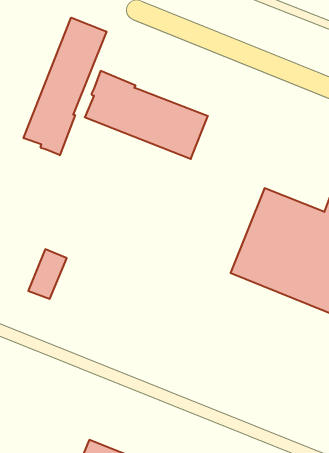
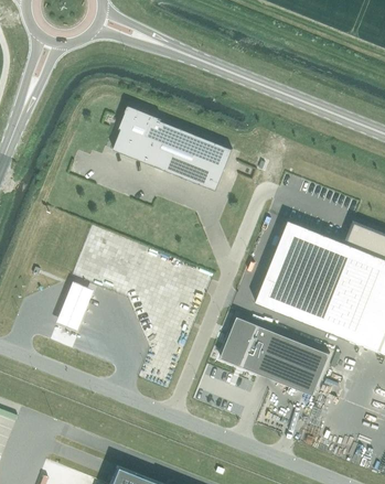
building: [24,18,106,155] -> none
building: none -> [221,318,330,396]

